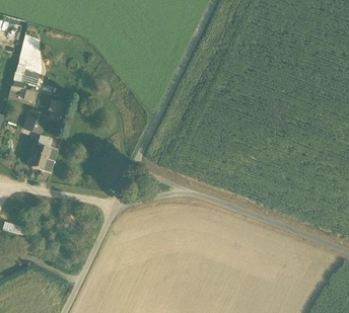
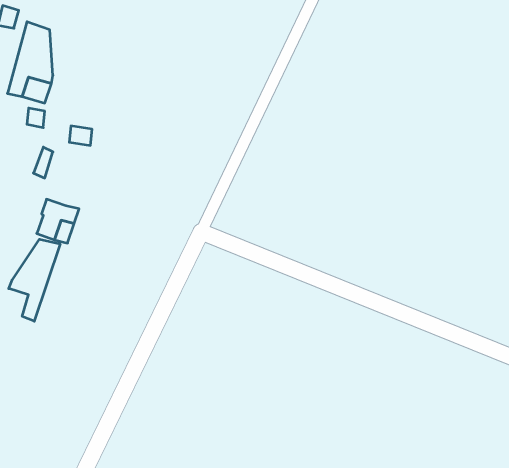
building: none -> [9,239,60,321]

